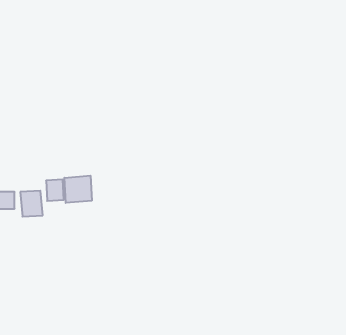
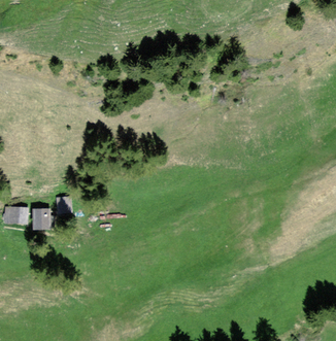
building: [64,176,92,203] -> none

